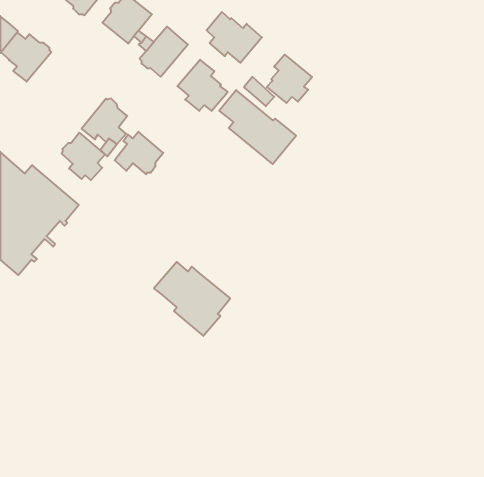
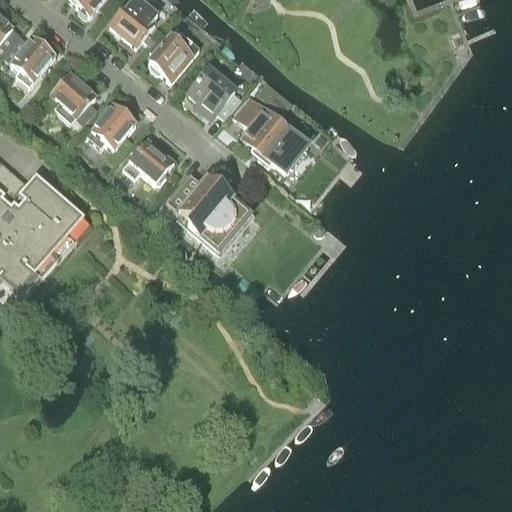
building: [207,12,262,63] -> none
building: [267,55,312,103] -> none
building: [62,133,105,180] -> [50,73,96,123]
building: [154,262,230,336] -> [166,173,246,251]

